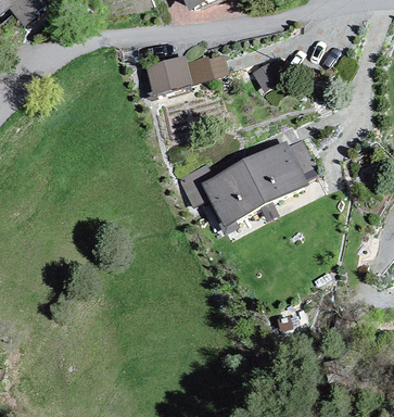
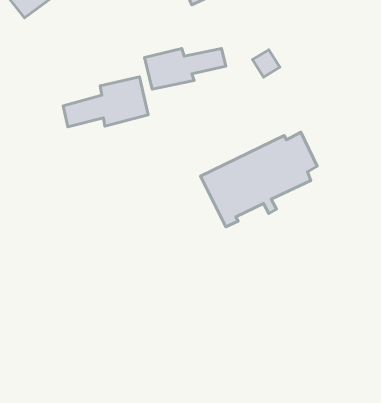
building: none -> [63,77,148,127]

